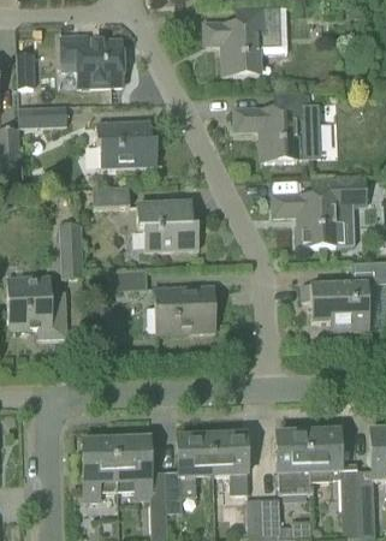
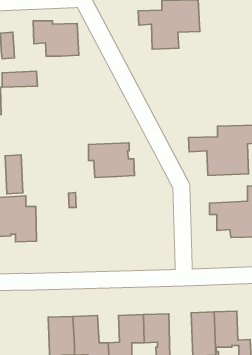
building: [234,93,320,160] -> none
building: [94,120,156,166] -> none
building: [91,183,129,204] -> none
building: [59,224,83,277] -> [5,155,23,194]
building: [153,285,215,332] -> none

